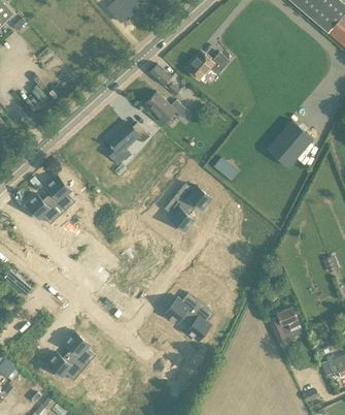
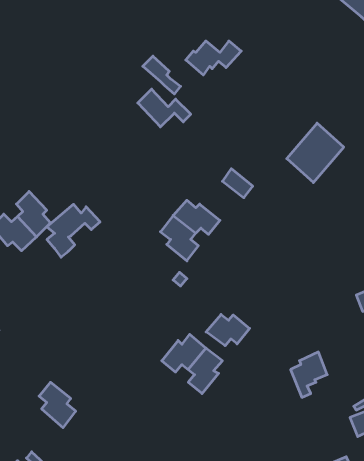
building: [105,122,148,165] -> [47,204,100,257]
building: none -> [206,314,250,346]
building: [45,353,83,381] -> none

